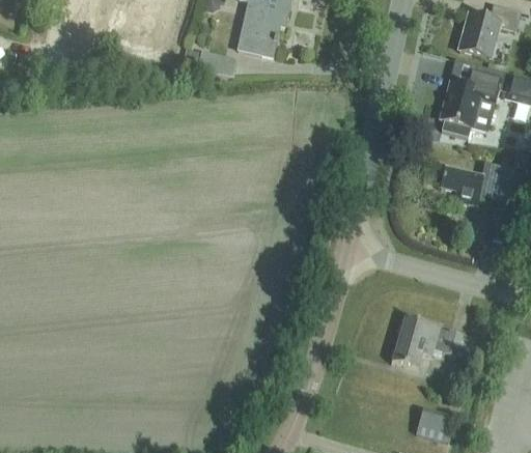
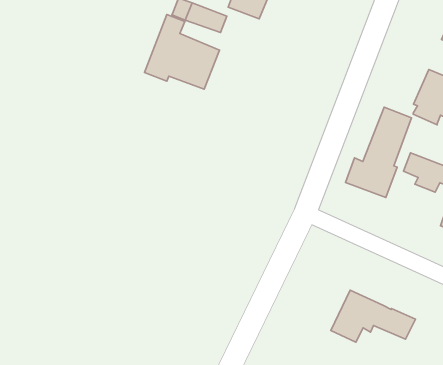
building: none -> [145,15,220,89]
building: none -> [345,107,411,197]

